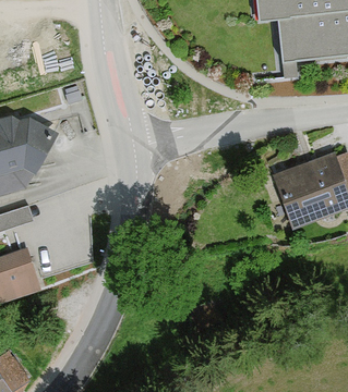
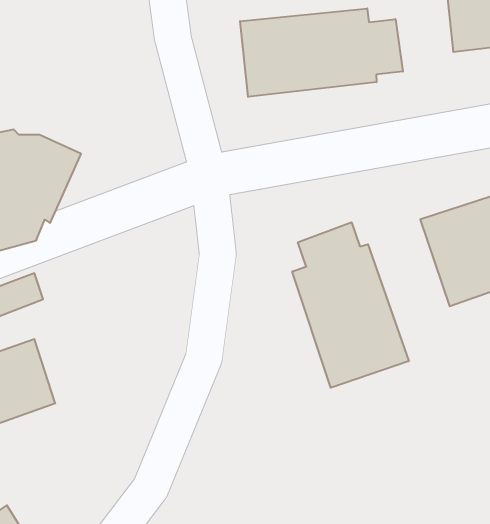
building: none -> [240,8,403,97]
building: none -> [292,222,409,388]

